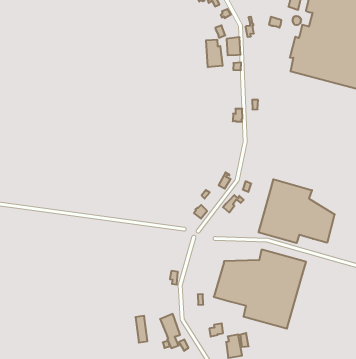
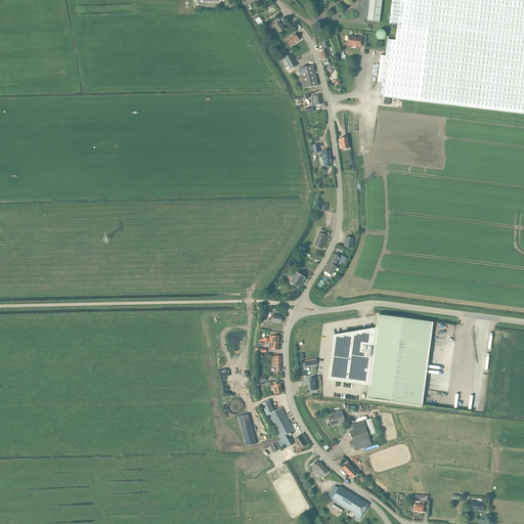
building: [206,40,222,67] -> none
building: [259,179,335,243] -> none

